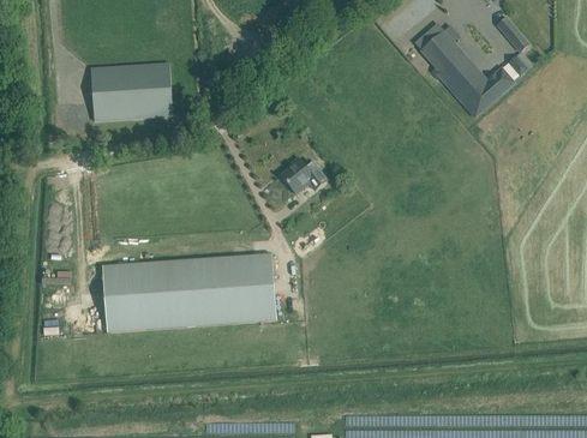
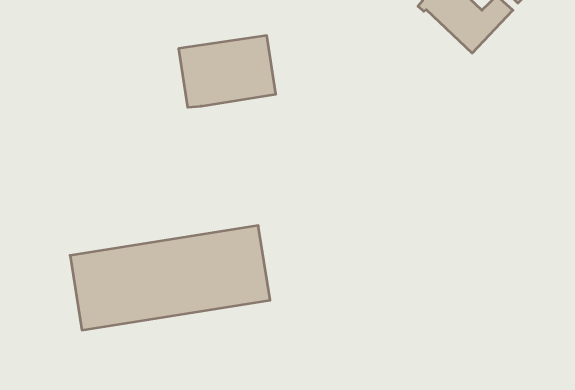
building: [90,62,173,120] -> [179,36,276,107]
building: [280,156,327,193] -> none

